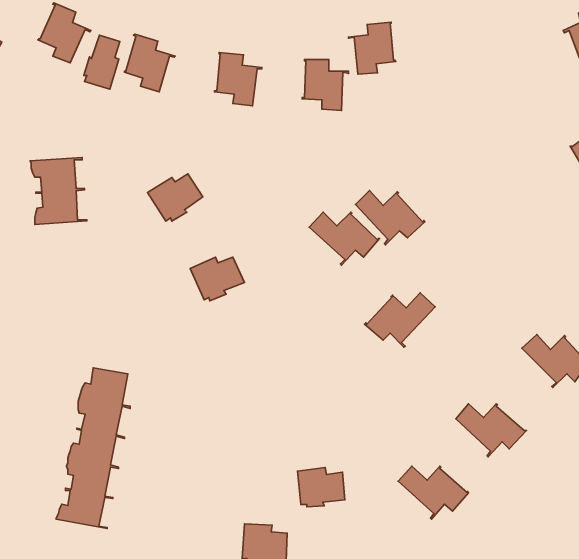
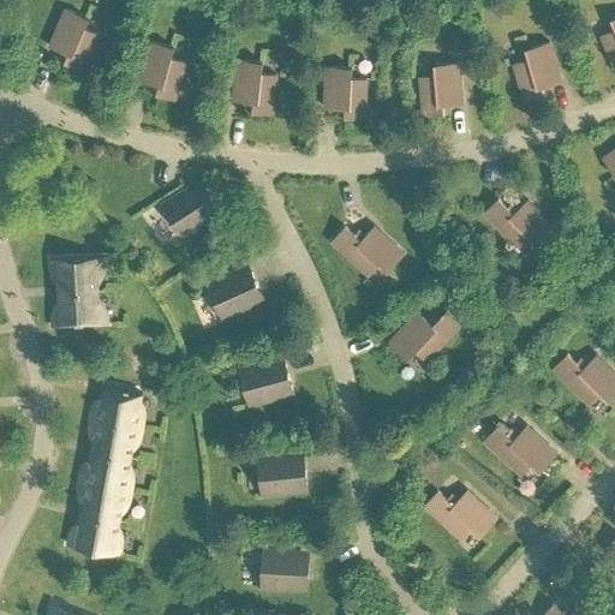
building: [349,22,396,74] -> [413,64,462,118]
building: [84,35,120,89] -> none
building: none -> [507,43,560,103]
building: [30,157,87,224] -> [49,257,108,327]
building: [356,191,425,245] -> [483,199,555,256]
building: none -> [239,363,292,406]
building: [297,468,345,507] -> [257,456,306,497]

